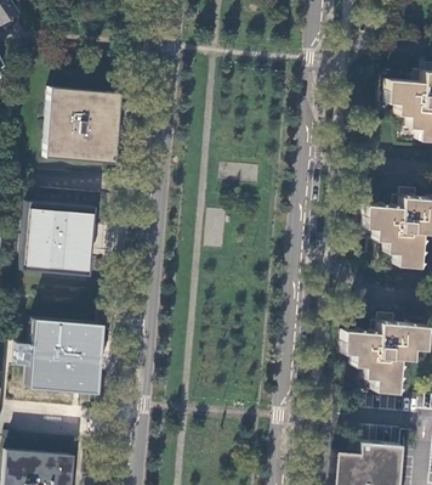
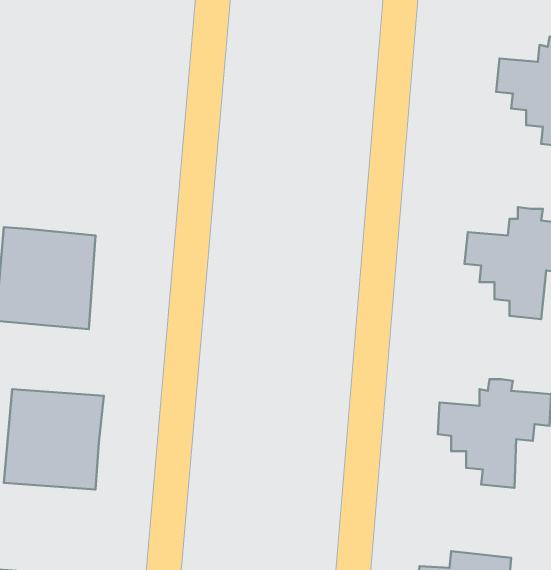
building: [46,89,121,164] -> none

